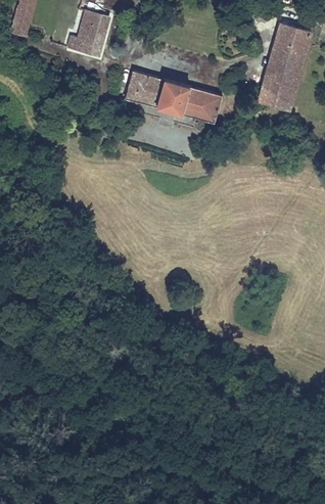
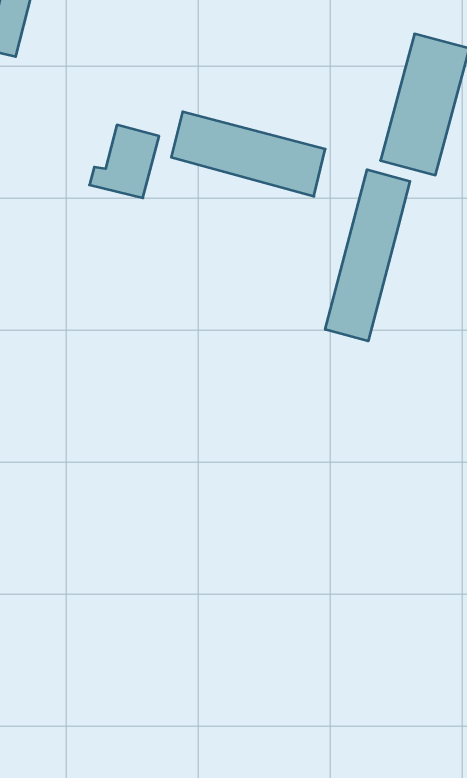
building: [66,10,110,56] -> [89,125,159,198]
building: none -> [325,170,410,341]

